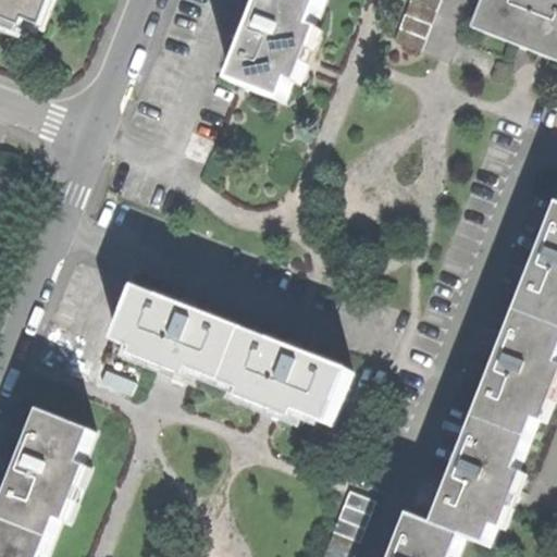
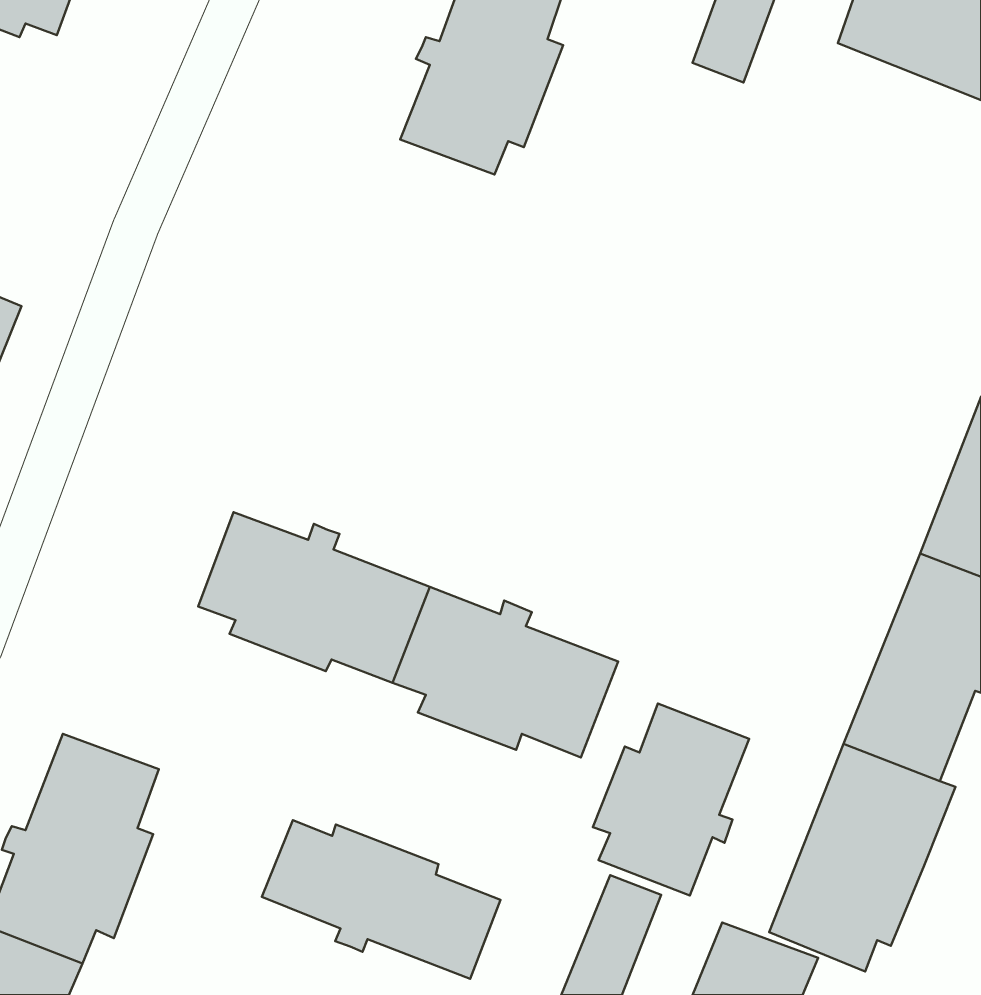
building: none -> [593,703,749,895]
building: none -> [262,820,501,979]

